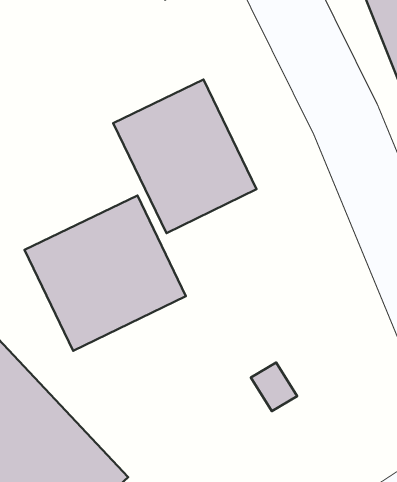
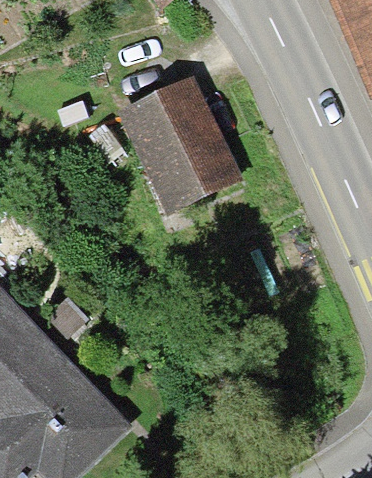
building: [25,195,186,351] -> none

